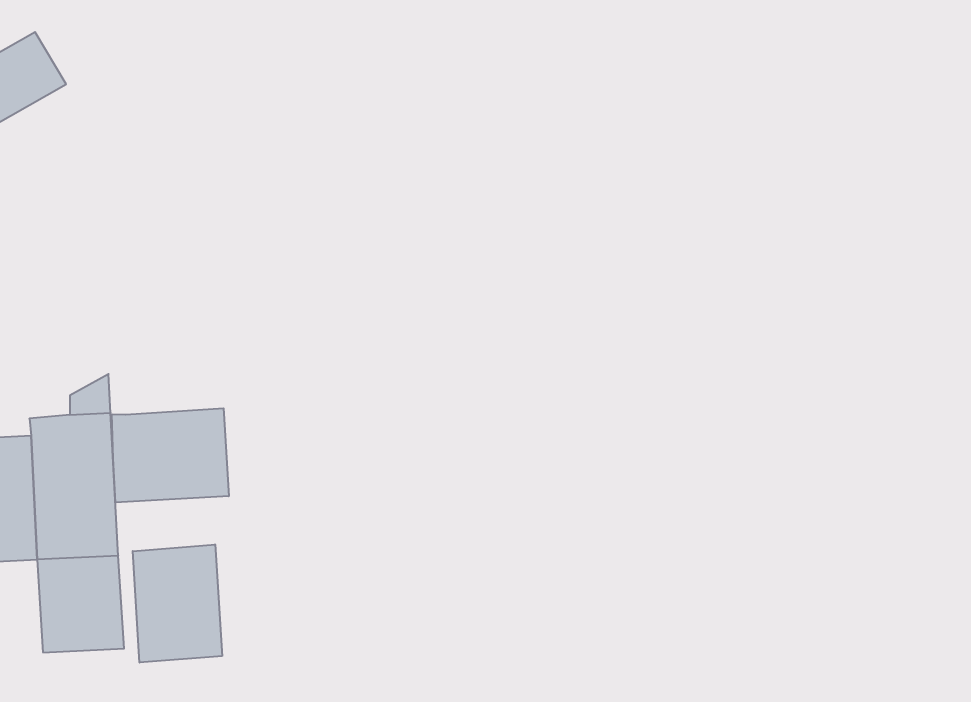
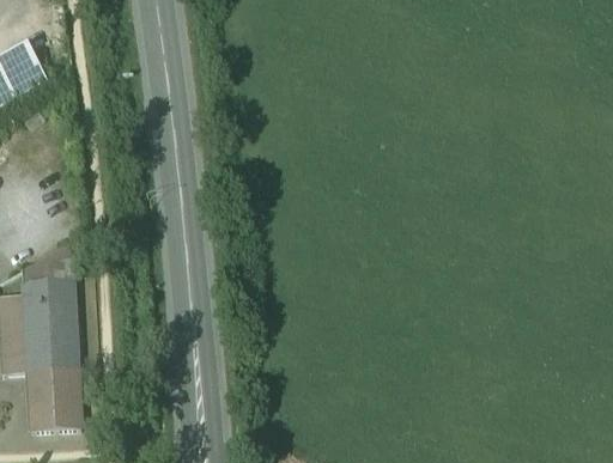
building: [112,408,229,502] -> none
building: [133,544,222,663] -> none

